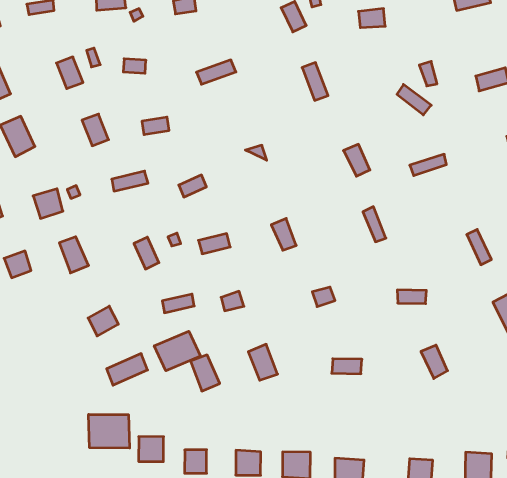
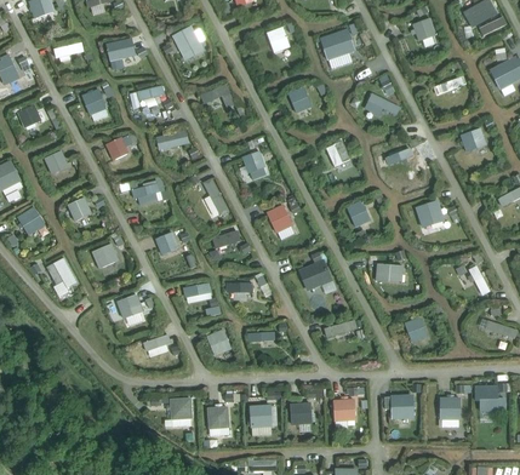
building: [154,331,200,371] -> none
building: [89,414,130,448] -> none

